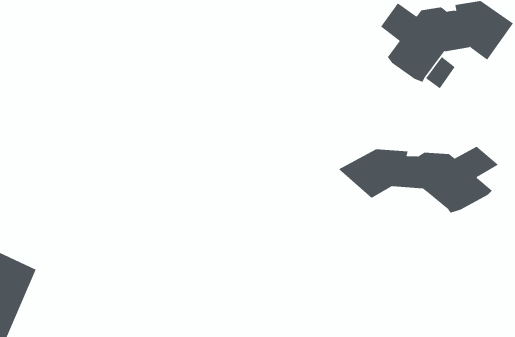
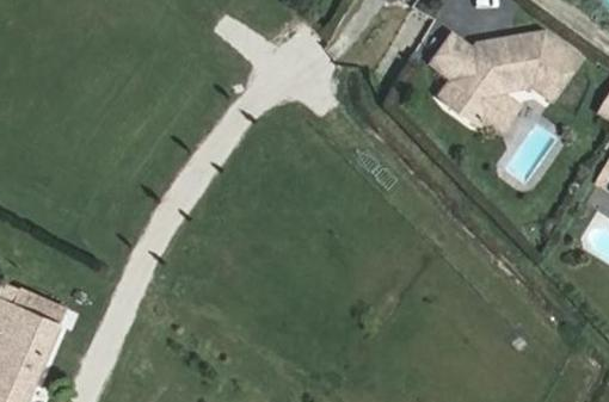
building: [338,146,499,213] -> none

